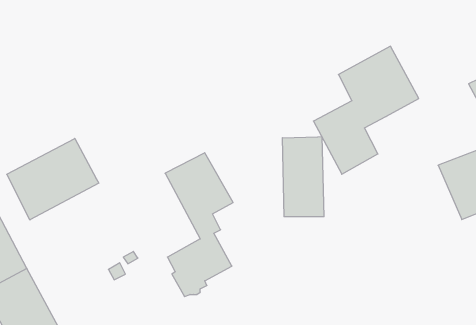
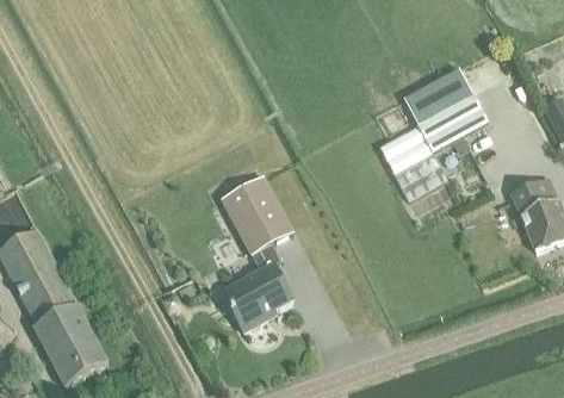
building: [282,137,324,217] -> none
building: [7,138,99,220] -> none

